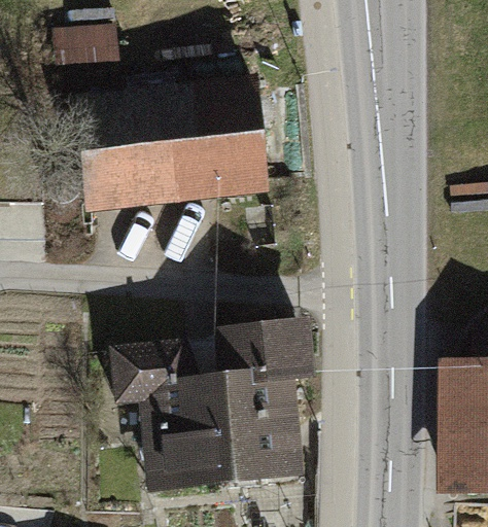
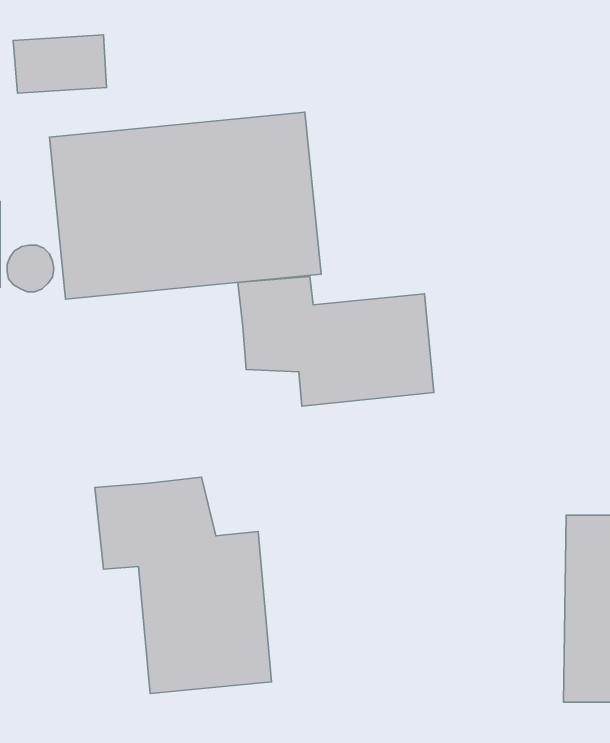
building: none -> [238,276,434,406]
building: [218,319,315,481] -> none

